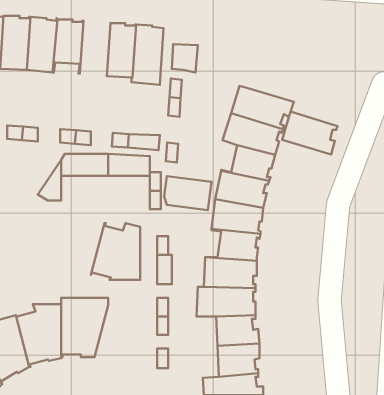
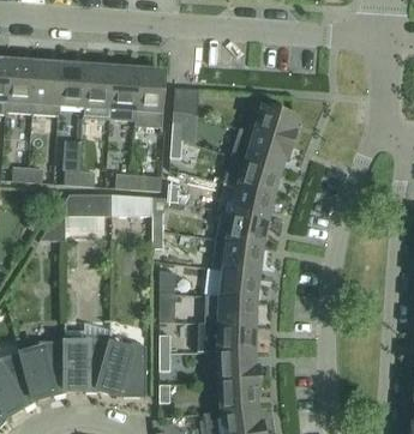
building: none -> [85,65,115,119]
building: [282,111,337,155] -> [246,102,300,144]
building: [164,176,211,210] -> none
building: [91,223,140,280] -> [100,342,148,397]

